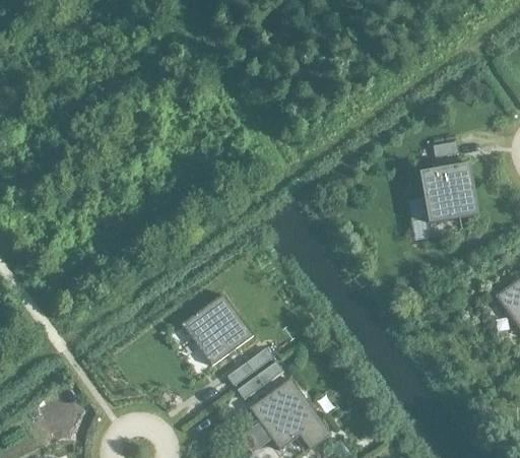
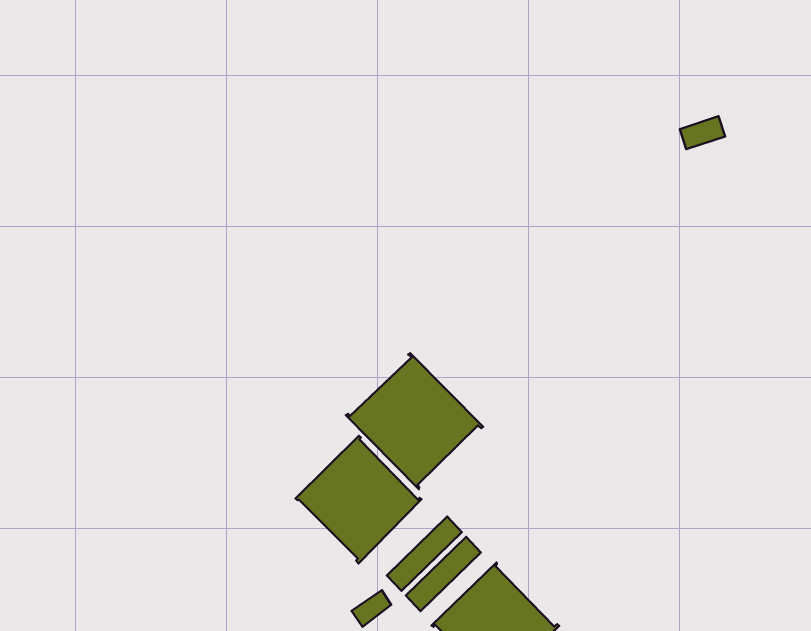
building: [417,162,477,223] -> none
building: none -> [346,353,483,489]

